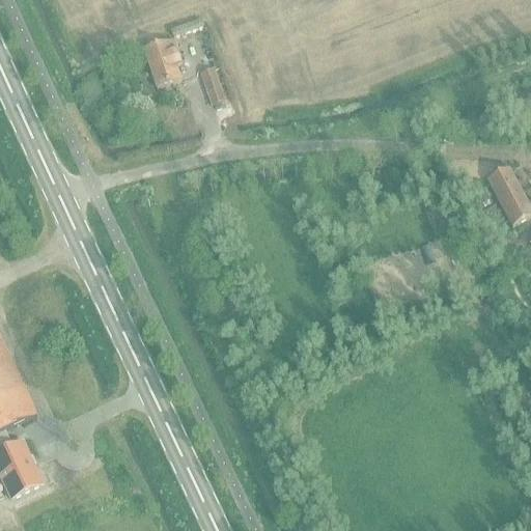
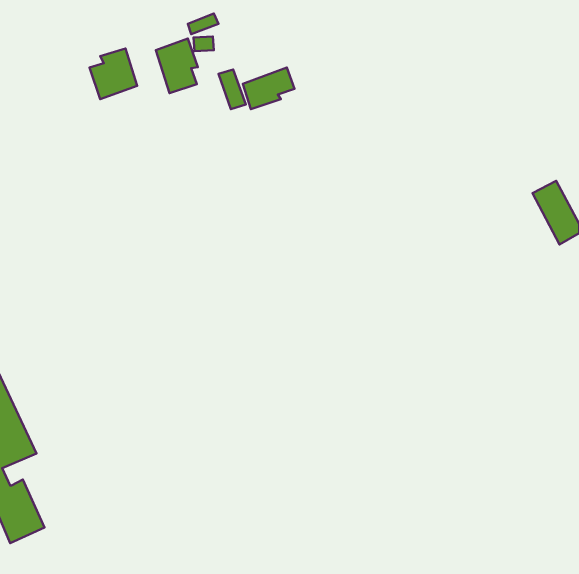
building: none -> [90,49,137,99]
building: none -> [243,68,294,109]

